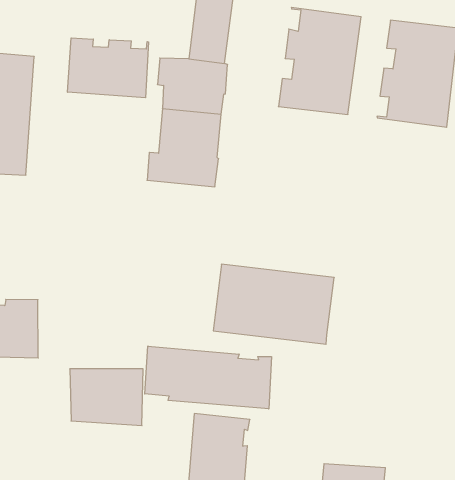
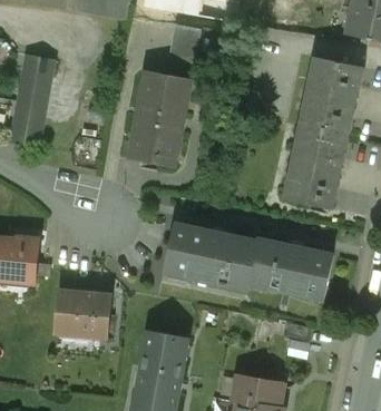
building: [278,7,361,114] -> [283,127,349,208]
building: [68,38,148,98] -> none
building: none -> [248,238,332,299]
building: [145,346,271,409] -> none

